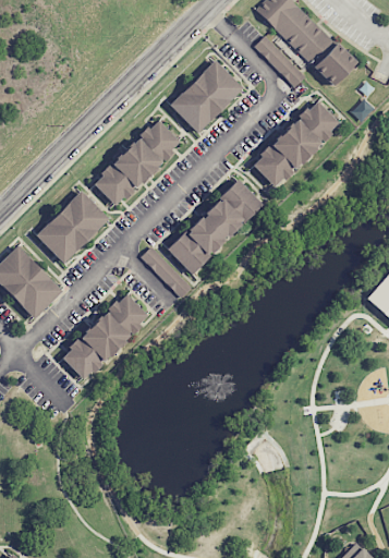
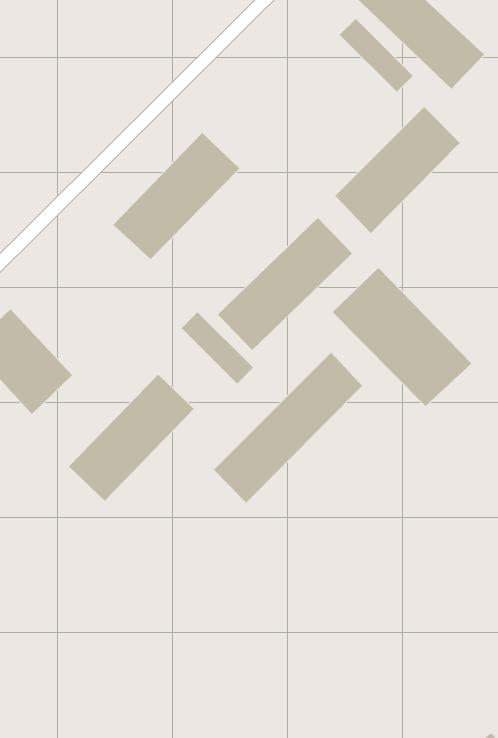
building: [169,59,244,134] -> none
building: [35,189,110,264] -> none
building: none -> [332,267,472,407]
building: none -> [213,352,363,503]

